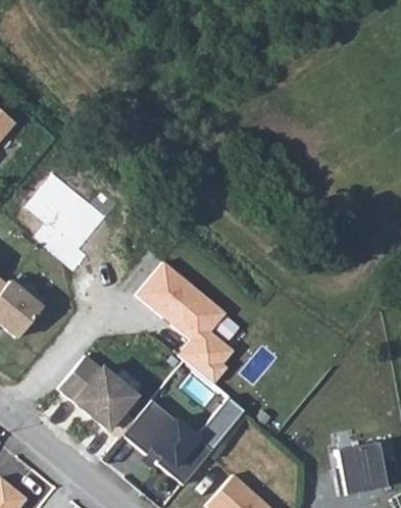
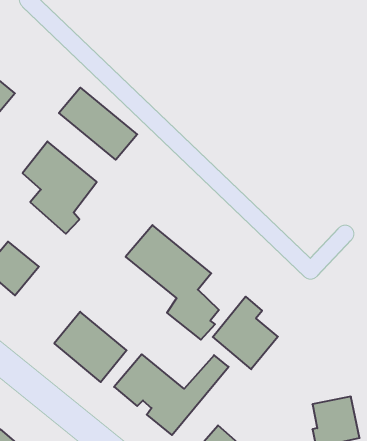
building: none -> [59,88,137,160]
building: none -> [213,297,278,369]

